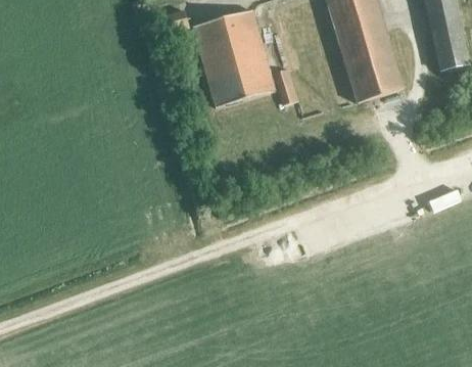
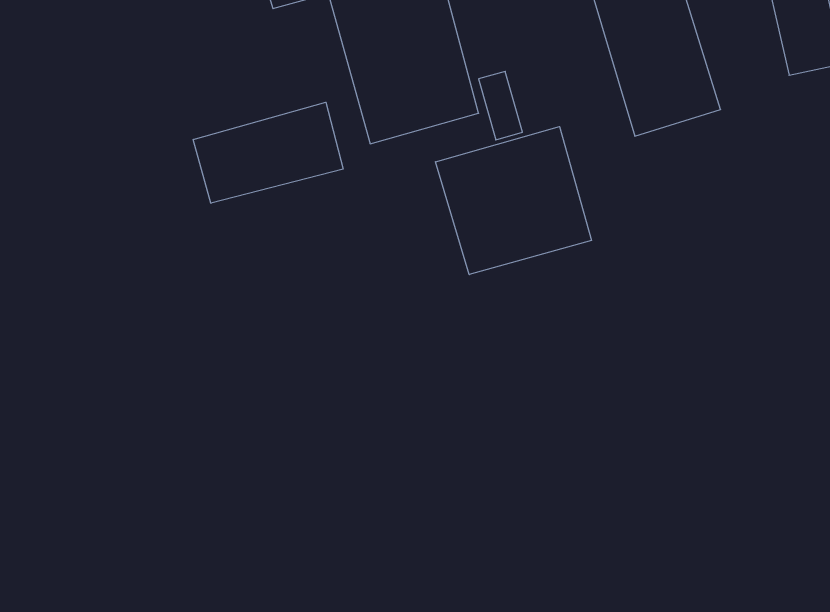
building: none -> [193,102,343,203]
building: none -> [435,127,592,275]

